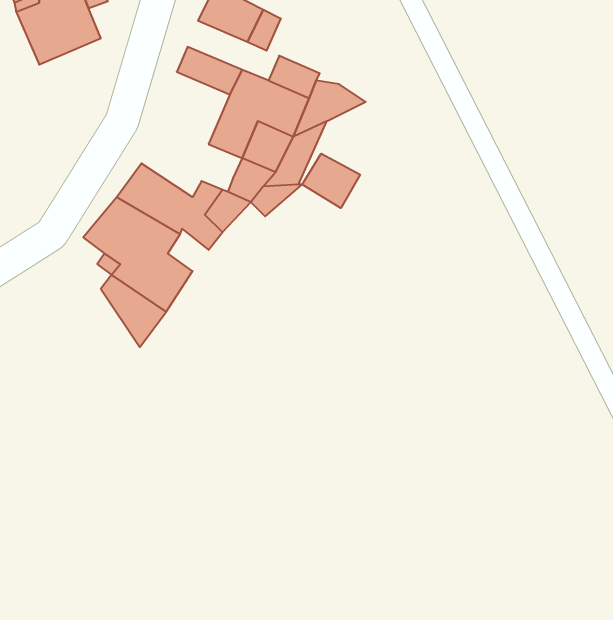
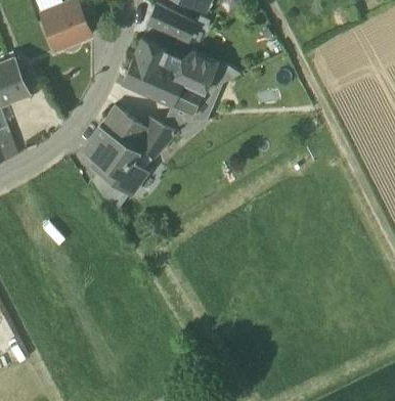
building: none -> [123,54,166,96]
building: [302,154,360,208] -> none

